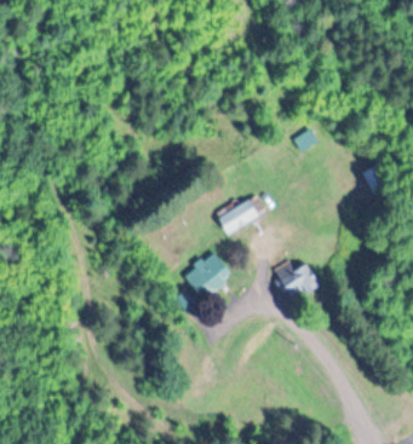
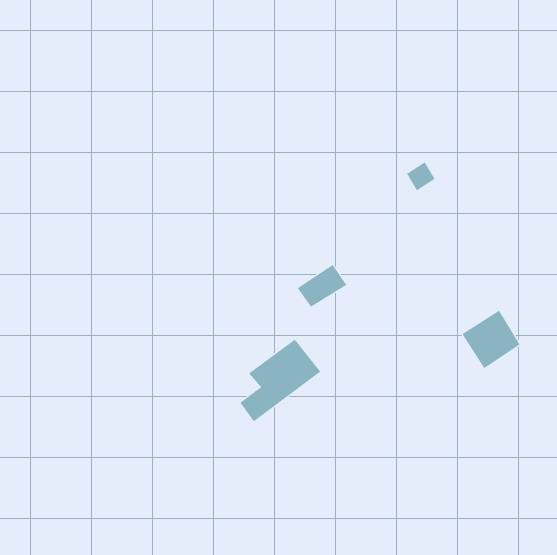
building: [282,261,323,302] -> [461,310,520,369]

